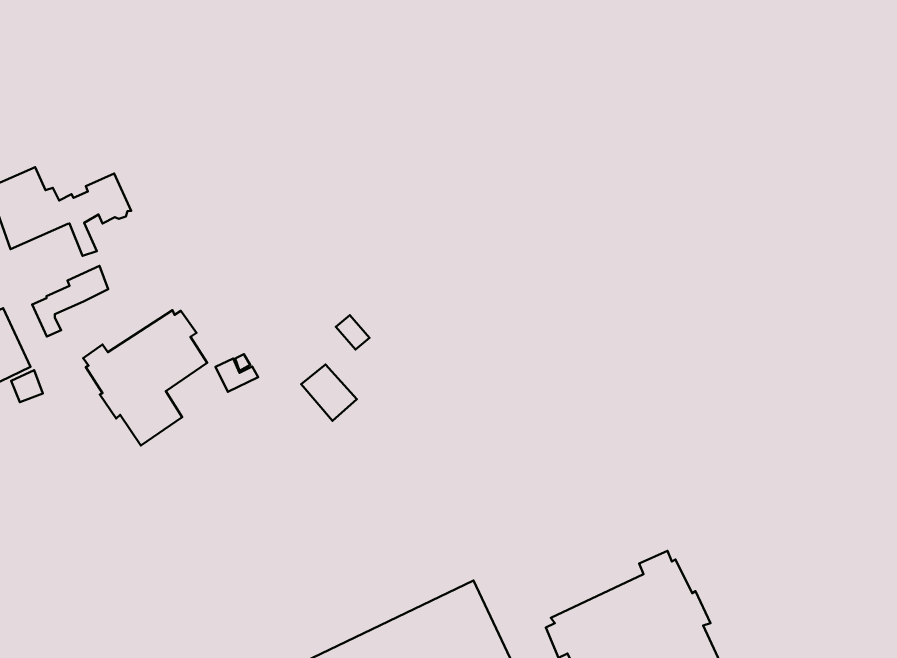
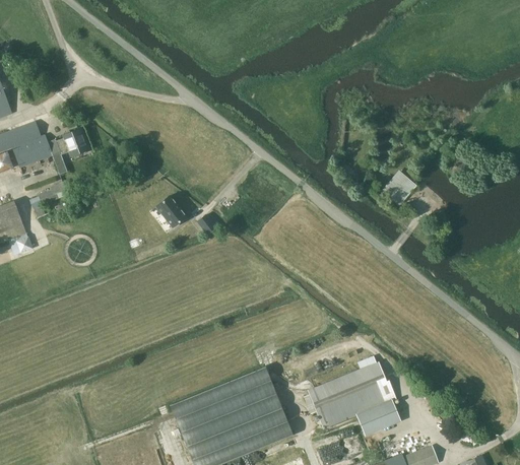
building: none -> [382,172,415,206]
building: [83,310,207,445] -> none
building: [301,364,357,421] -> [155,196,186,227]

